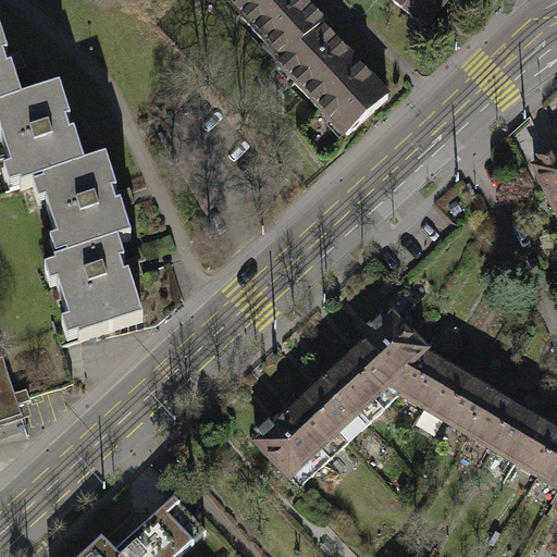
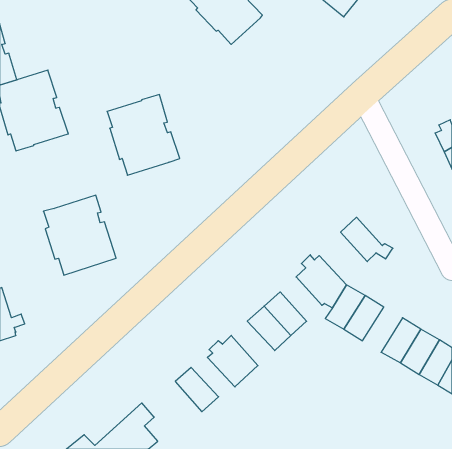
building: [280,22,386,131] -> none
building: [41,157,131,256] -> [107,95,180,175]
building: [344,339,408,394] -> [341,217,393,262]
building: [445,376,494,432] -> none
building: [284,394,337,448] -> [175,367,219,412]

